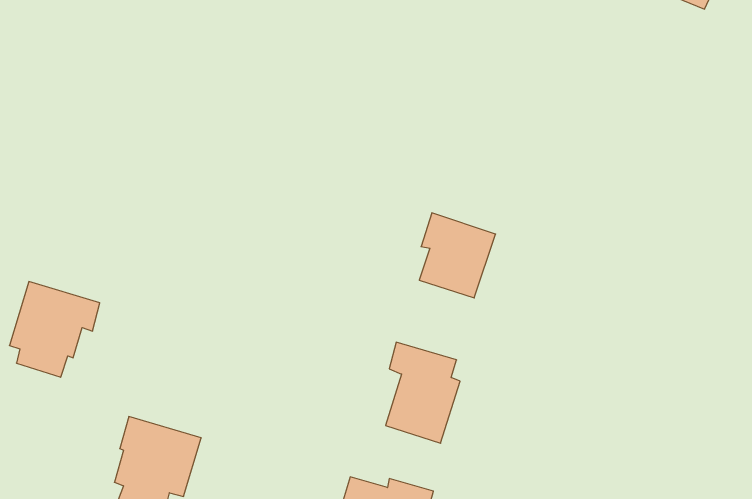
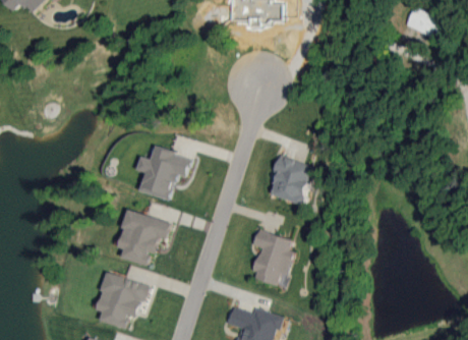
building: none -> [136,148,190,201]
building: [9,282,100,377] -> [117,211,169,266]

